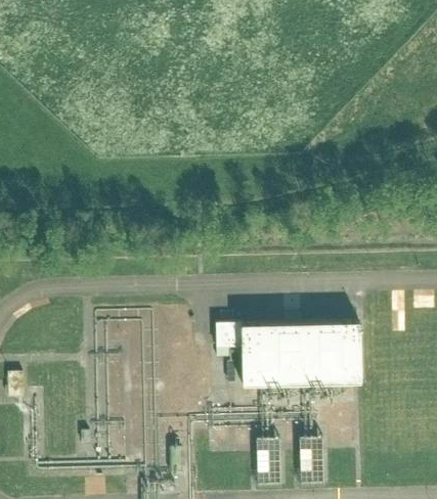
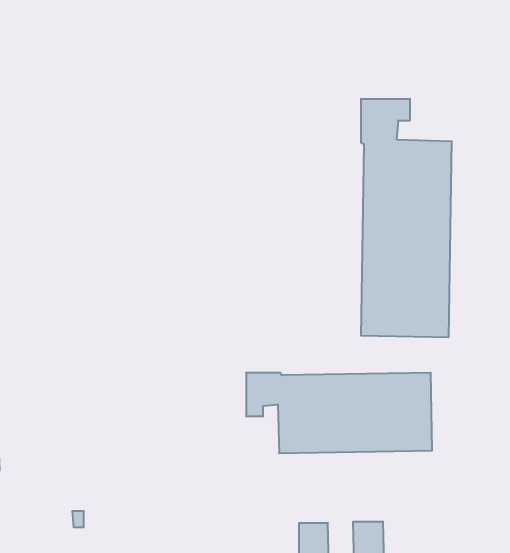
building: none -> [361,99,451,337]

